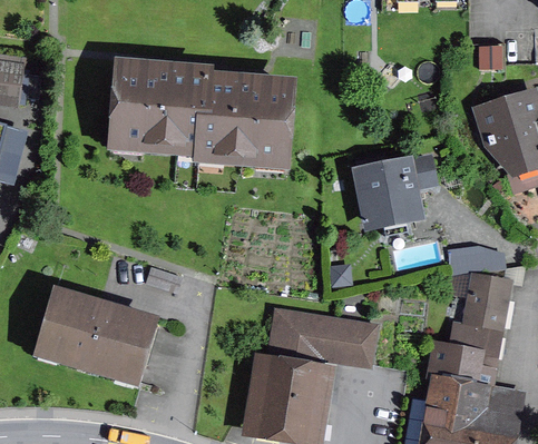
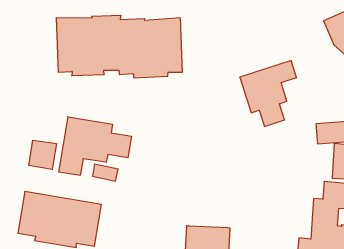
building: none -> [59,117,131,175]
building: none -> [29,140,56,169]
building: [266,310,373,371] -> none

